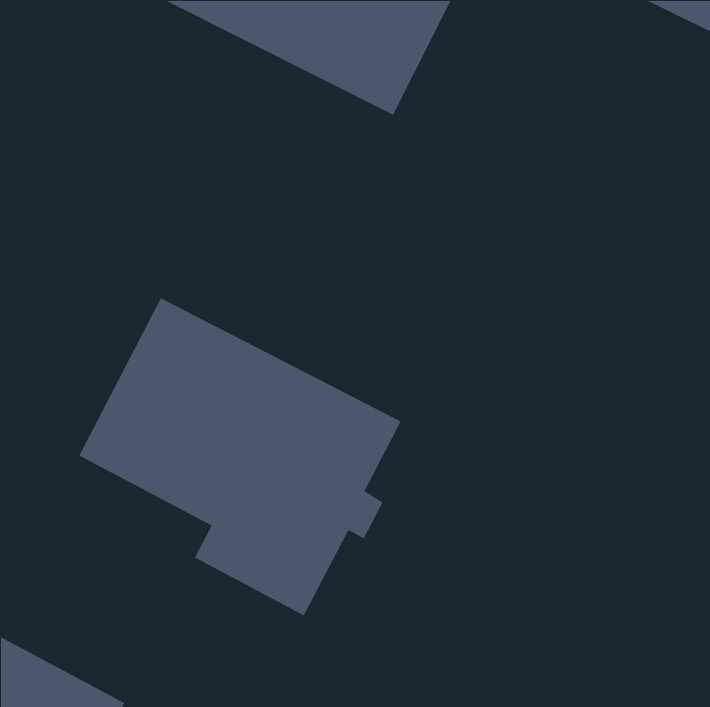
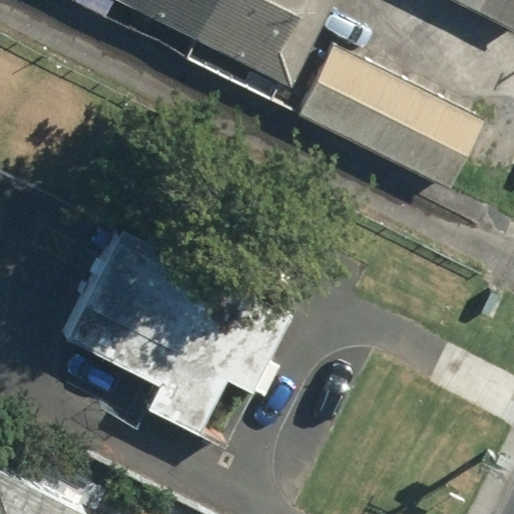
building: none -> [296,43,483,190]

